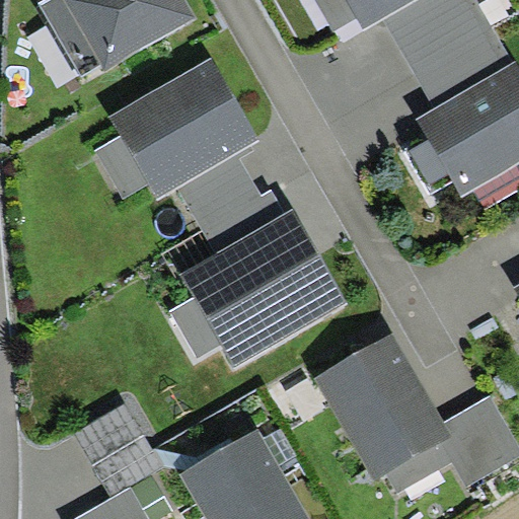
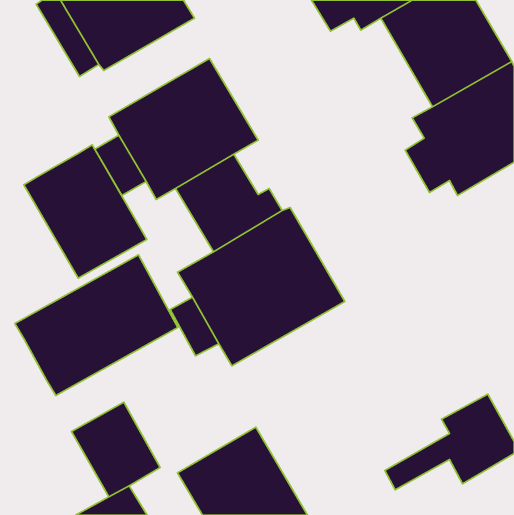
building: none -> [24,145,147,278]
building: none -> [15,255,178,396]
building: [315,333,452,480] -> none

